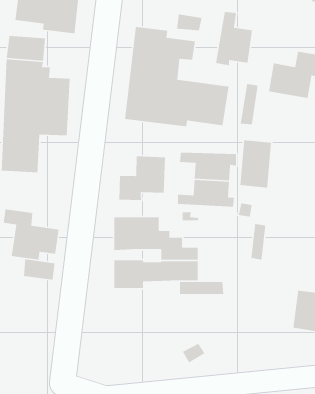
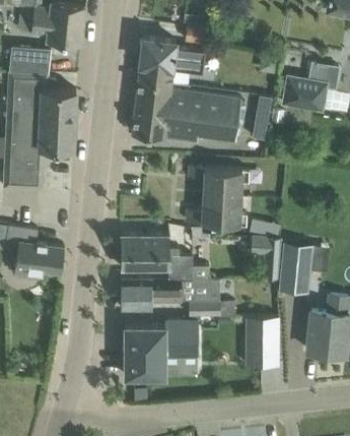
building: [215,11,253,66] -> none
building: [239,139,272,188] -> [279,243,312,294]
building: [119,156,166,201] -> none
building: [23,258,55,281] -> none
building: none -> [247,317,278,365]
building: none -> [125,320,199,377]

